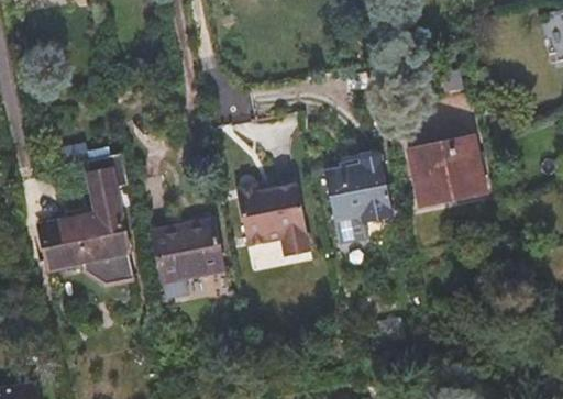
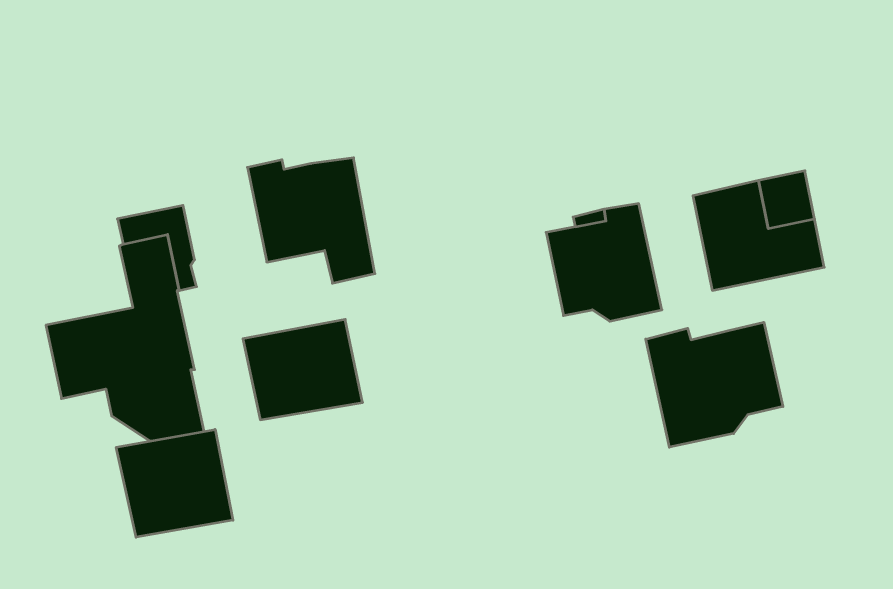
building: [236,182,309,254] -> [247,158,375,283]
building: none -> [646,322,783,447]
building: none -> [116,429,233,537]

